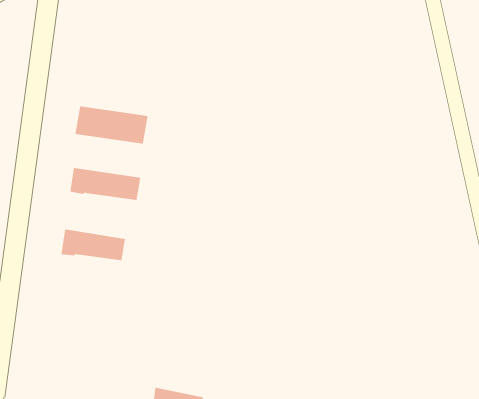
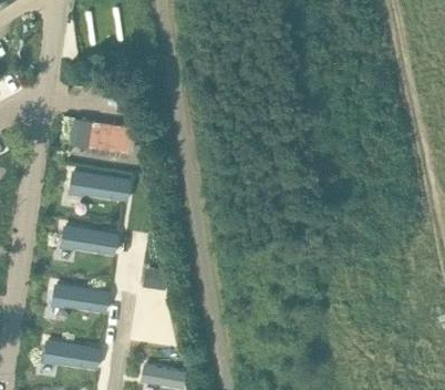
building: none -> [51,285,108,314]
building: none -> [42,341,100,370]

